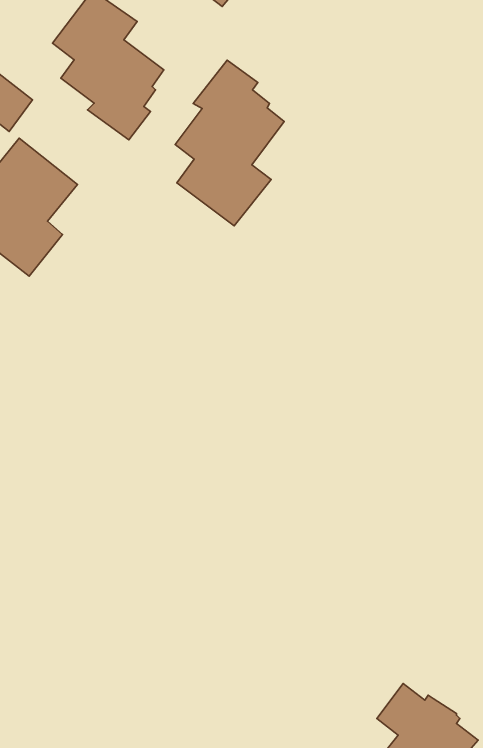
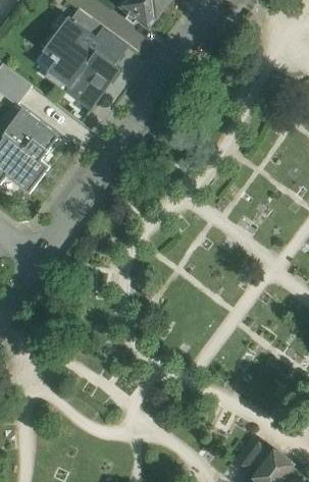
building: none -> [86,26,126,66]
building: [175,60,284,226] -> none

